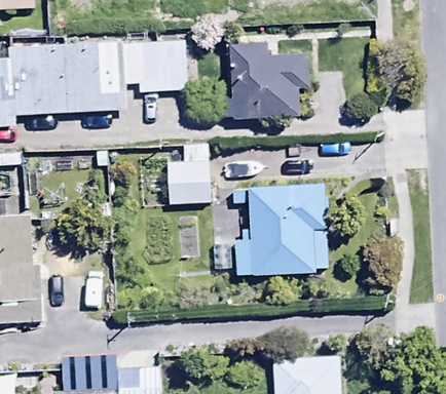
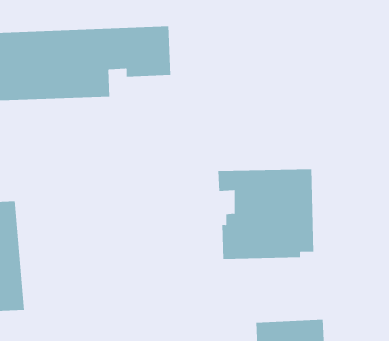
building: [225,42,307,117] -> none
building: [164,144,211,206] -> none

